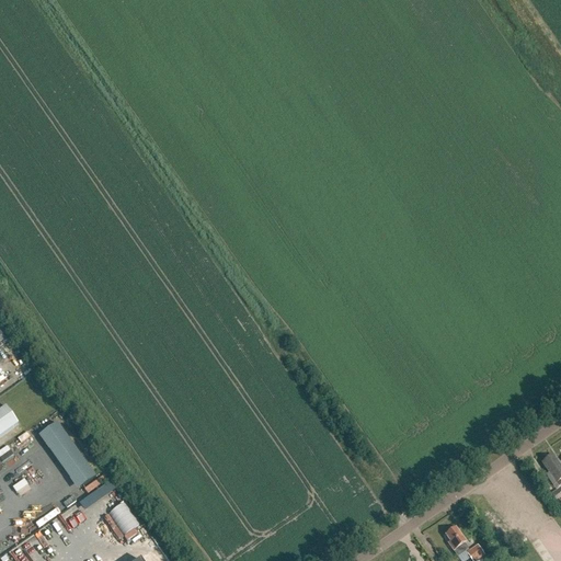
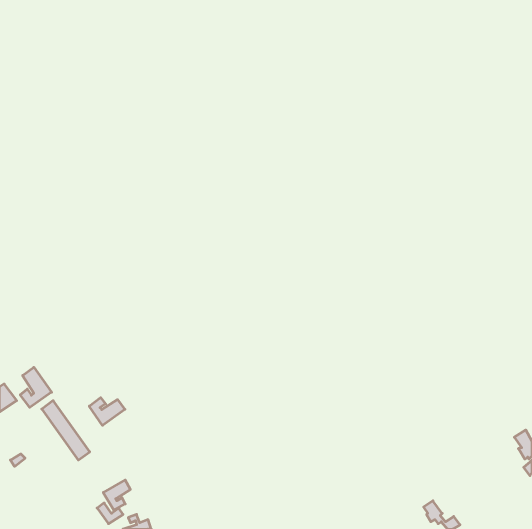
building: none -> [20,367,52,407]
building: none -> [89,398,125,425]

